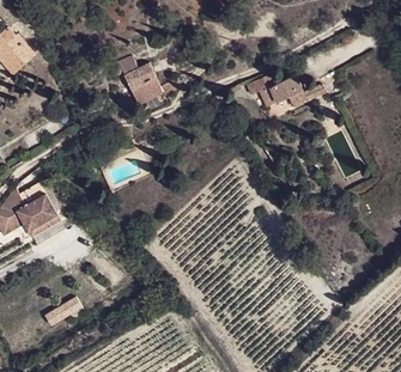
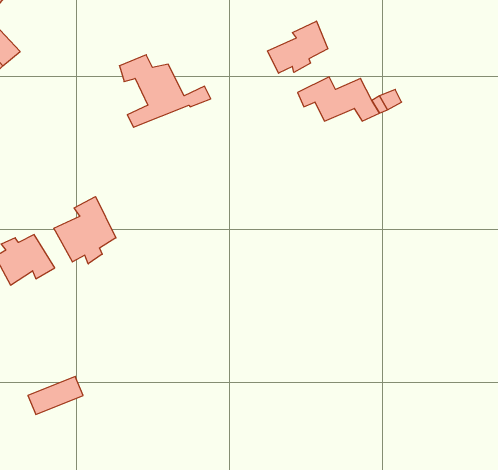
building: none -> [267,21,328,73]
building: none -> [54,197,116,264]

